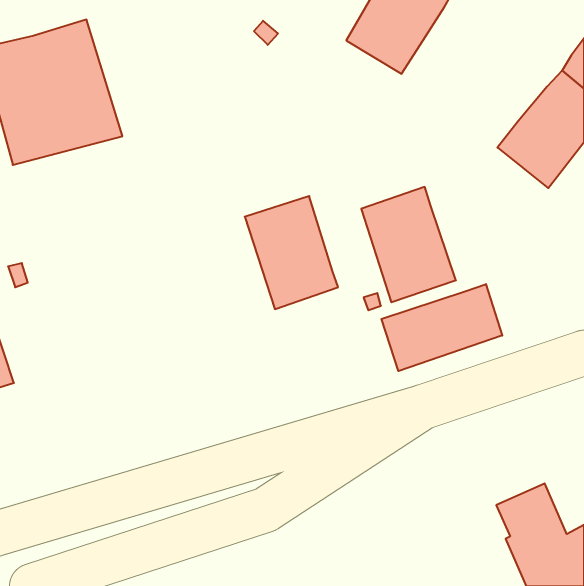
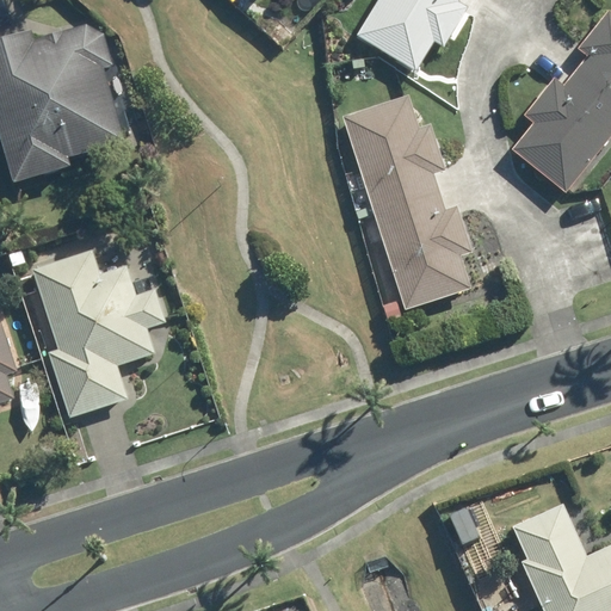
building: [245,196,338,309] -> [342,99,439,216]
building: none -> [32,249,163,415]
building: [381,284,502,371] -> none

